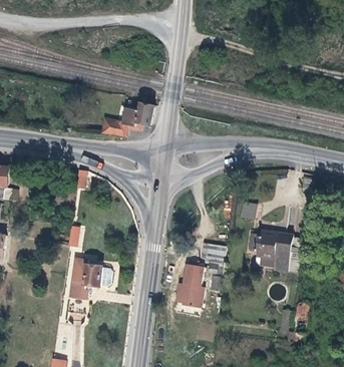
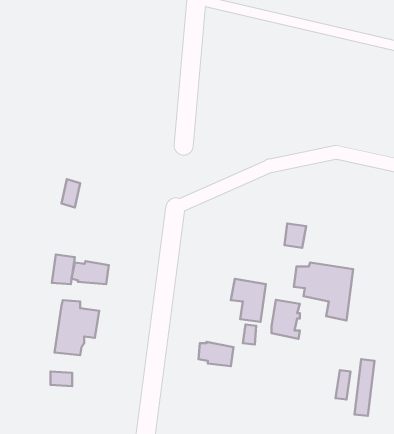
building: [99,102,153,135] -> none
building: none -> [72,261,109,284]
building: [183,264,204,293] -> [272,300,300,339]

